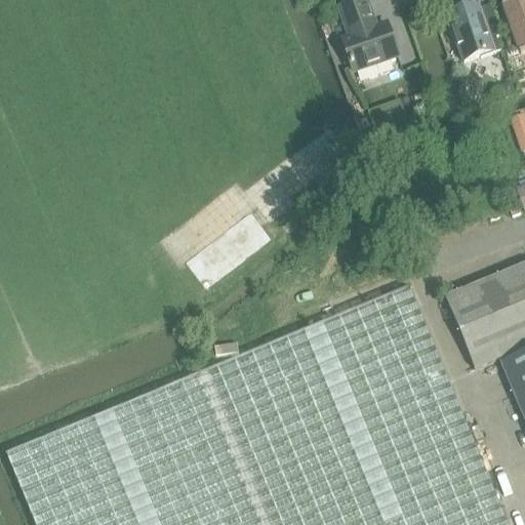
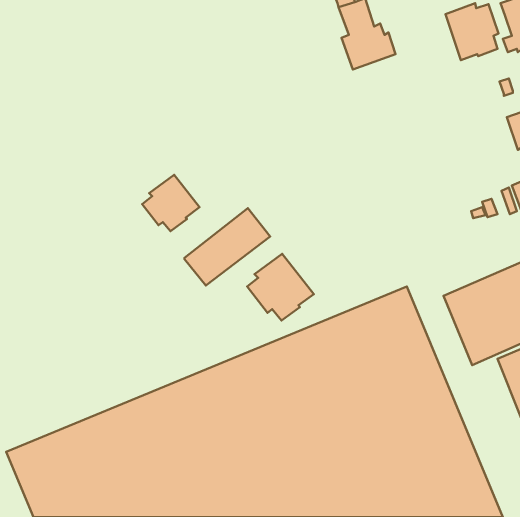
building: none -> [142,175,200,231]
building: none -> [247,254,314,321]

